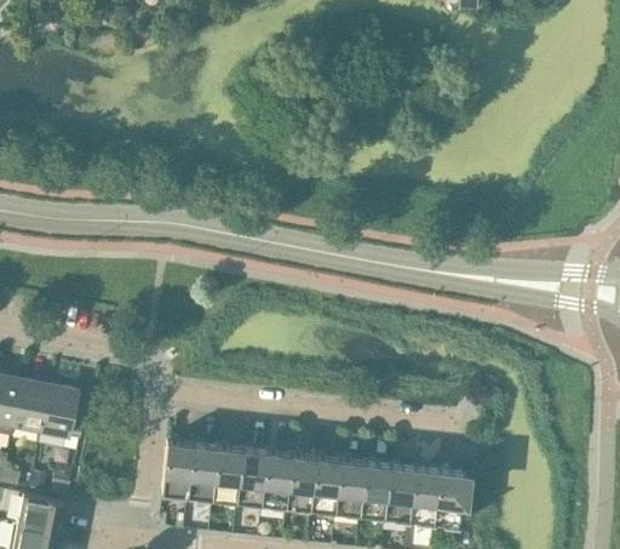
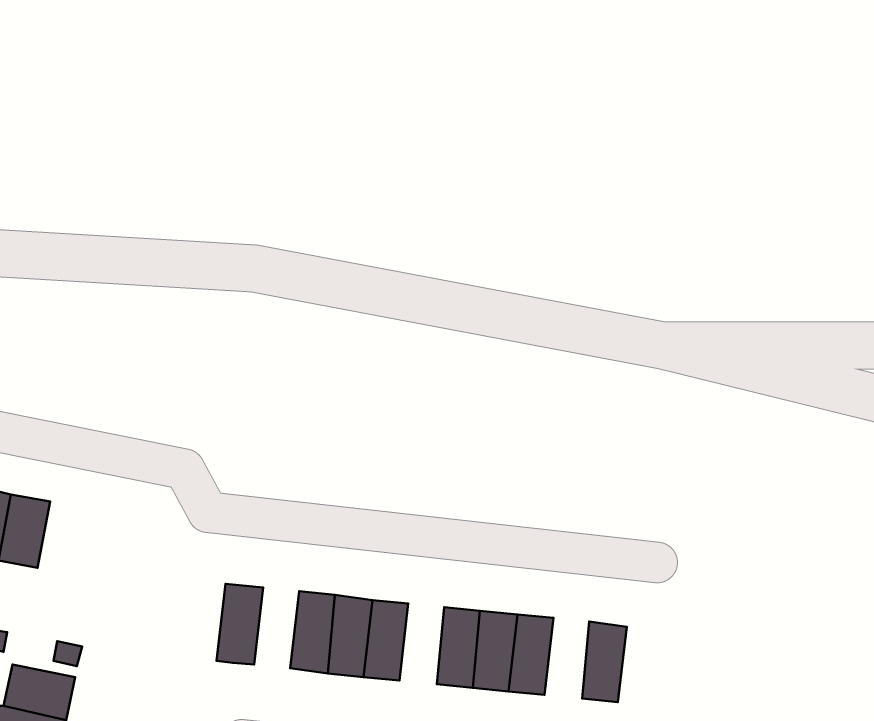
building: [39,383,82,435] -> none
building: [185,441,216,496] -> none
building: [283,452,314,507] -> none
building: [381,462,412,516] -> none
building: [431,468,461,522] -> none

